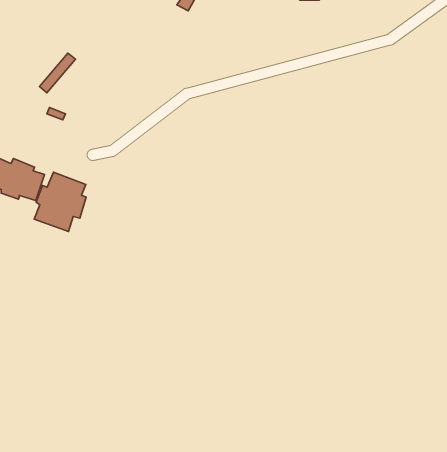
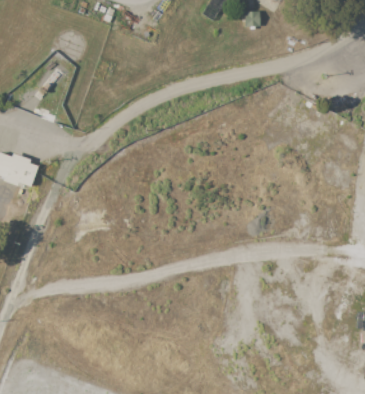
building: [34,172,86,232] -> none

